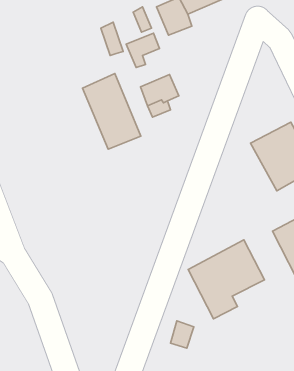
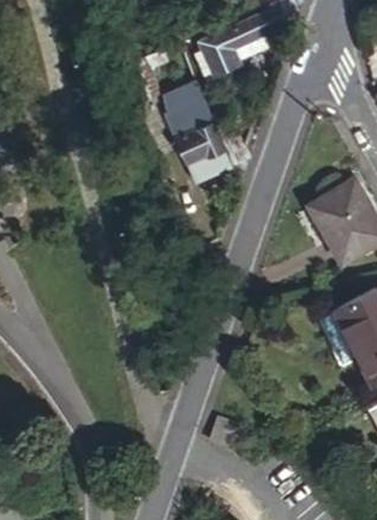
building: [82,74,141,149] -> none
building: [188,240,264,319] -> none

